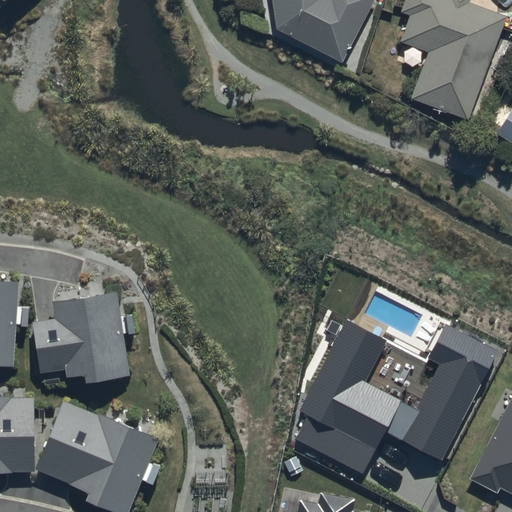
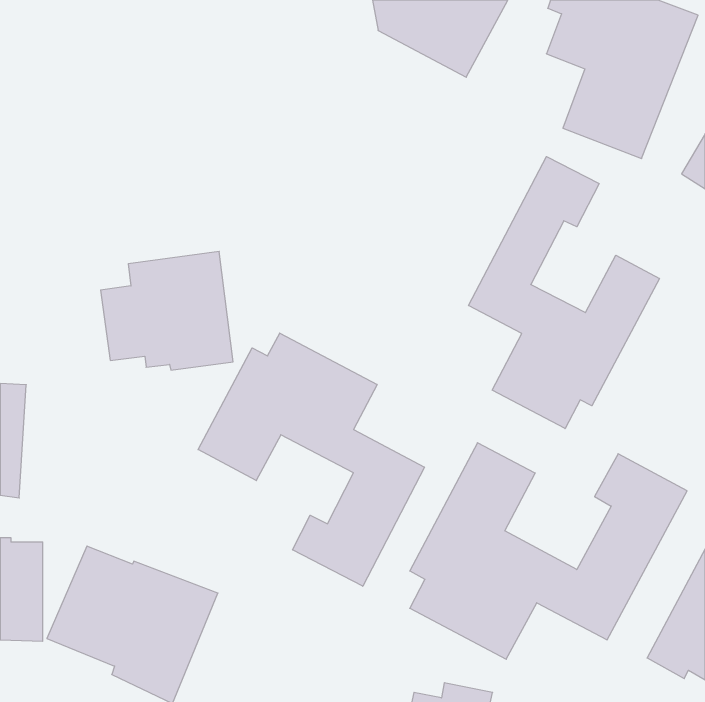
building: none -> [469,157,659,429]
building: none -> [198,333,424,586]
building: [33,294,129,380] -> [101,251,233,370]

